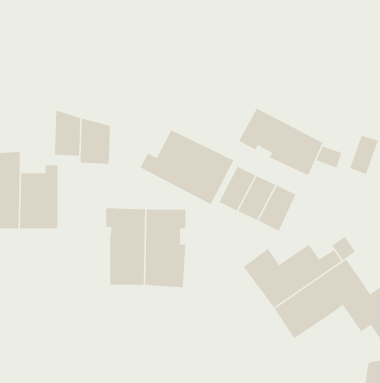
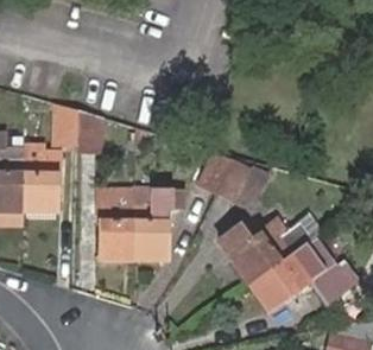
building: [238,108,324,176] -> none
building: [139,129,234,205] -> none

